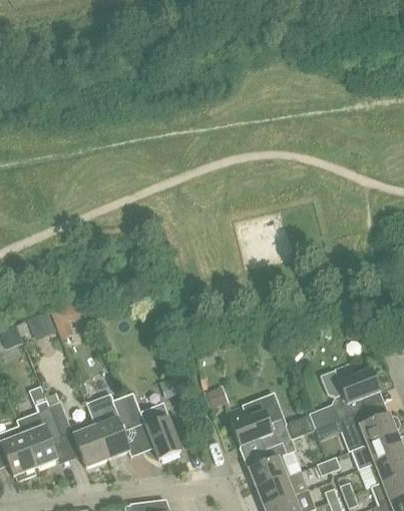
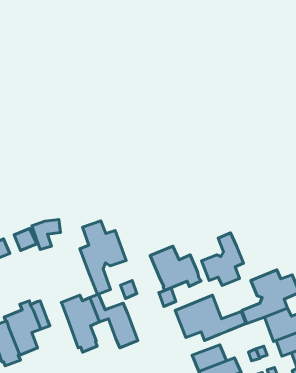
building: none -> [80,221,126,295]
building: none -> [202,233,244,285]
building: none -> [150,246,201,290]
building: [73,426,107,468] -> none

